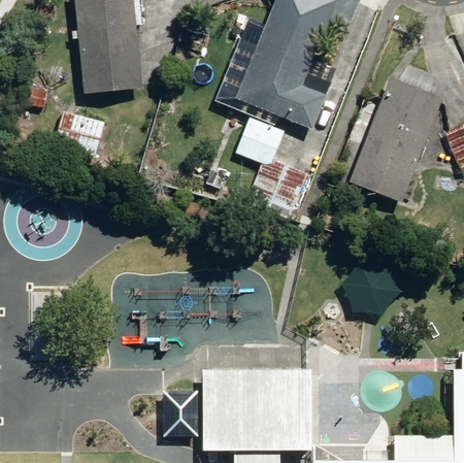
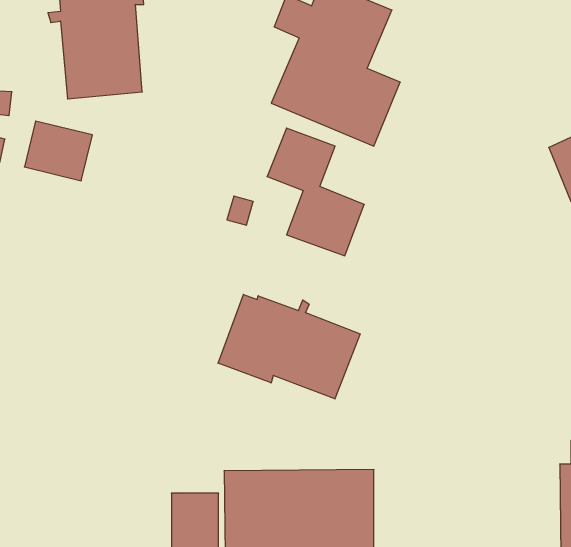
building: [350,77,443,202] -> none
building: none -> [218,294,360,399]
building: [340,257,401,311] -> none

